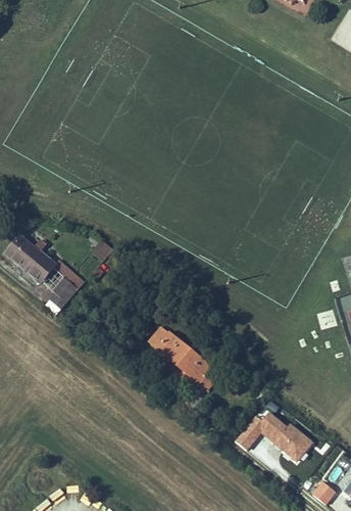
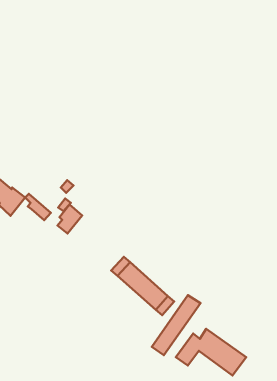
building: [52,278,80,311] -> [58,204,82,234]
building: none -> [152,295,200,355]

